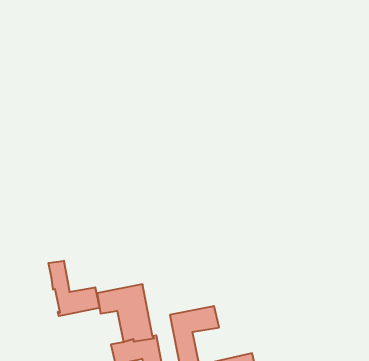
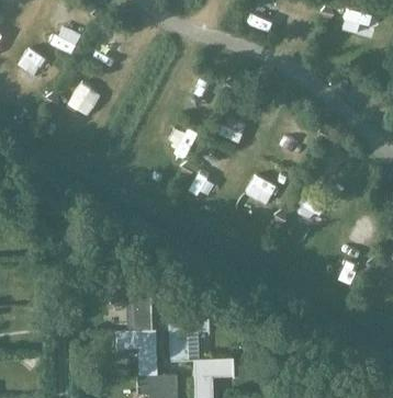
building: [48,261,100,316] -> none

